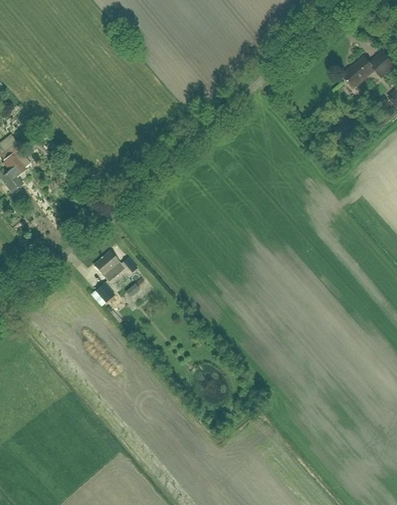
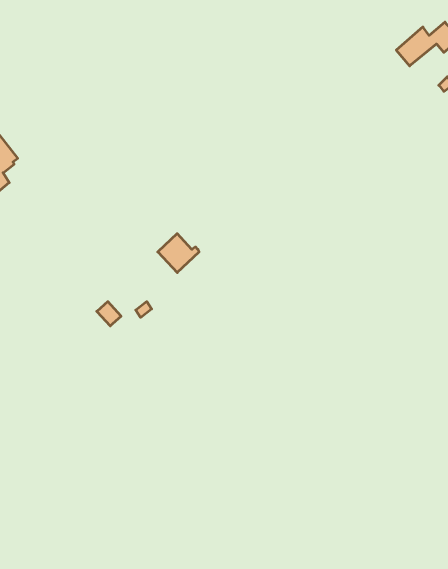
building: [93,250,128,282] -> [158,234,199,273]

